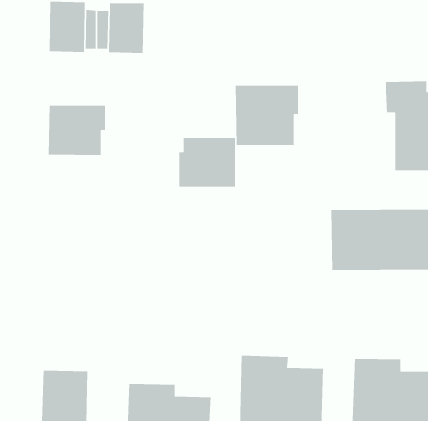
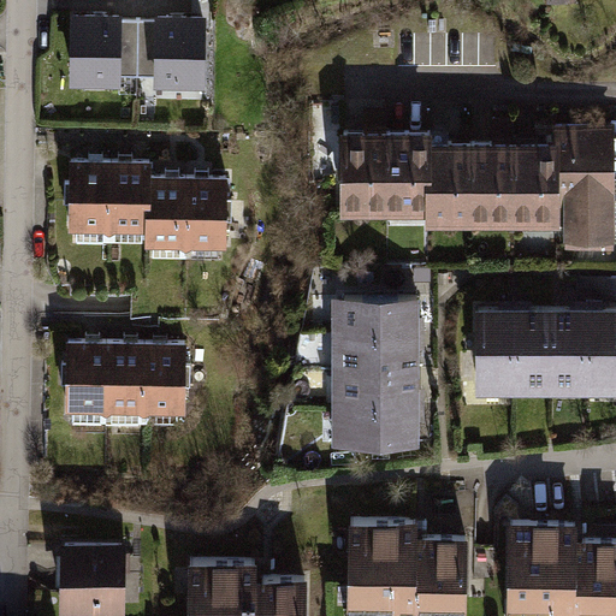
building: none -> [424,142,567,233]
building: [179,137,236,188] -> [147,178,229,250]
building: none -> [331,300,419,449]
building: none -> [66,342,189,416]

